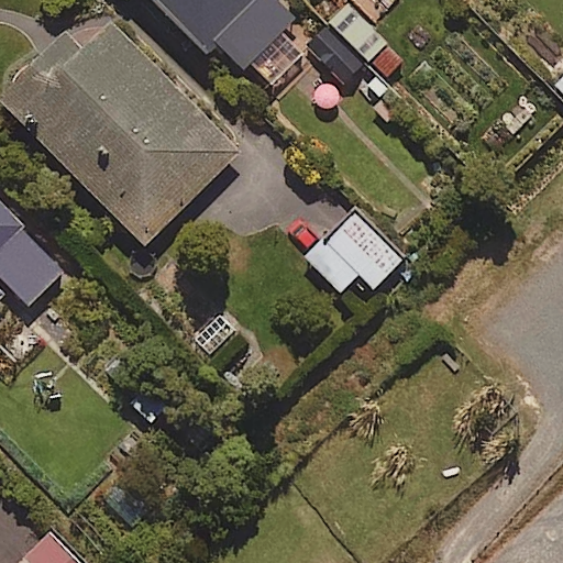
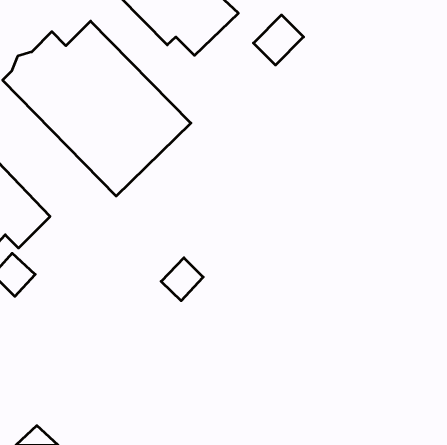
building: [300,187,402,291] -> none

